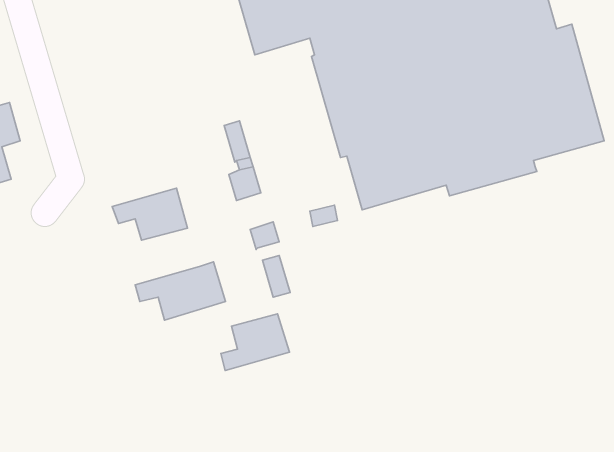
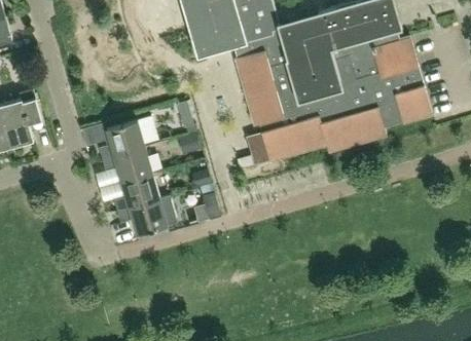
building: none -> [98,120,144,158]
building: [221,314,290,370] -> [113,173,159,211]

